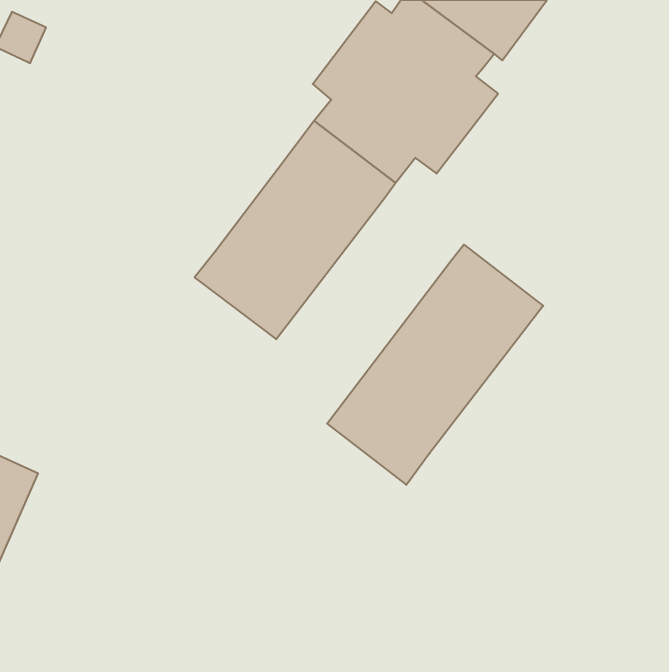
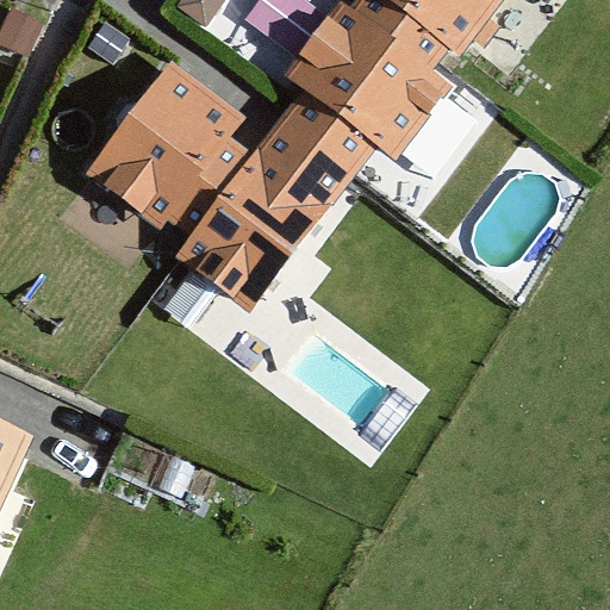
building: none -> [82,60,253,228]
building: [327,245,543,485] -> none

